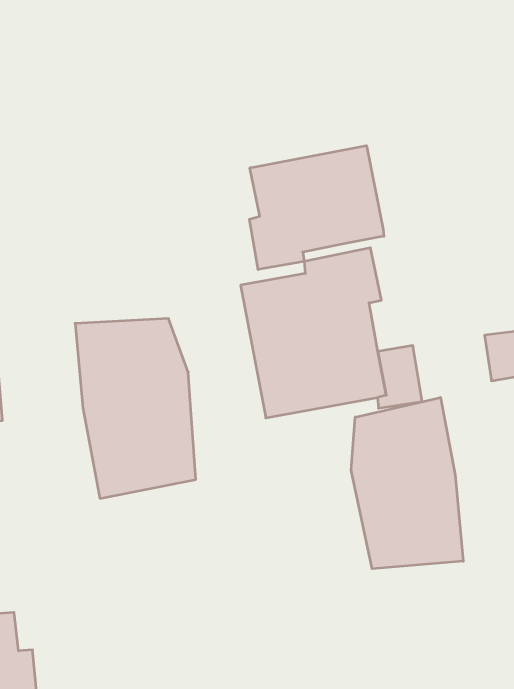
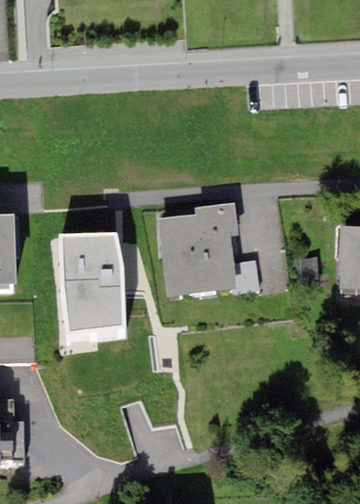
building: [249,146,384,270] -> none
building: [351,397,463,569] -> none

